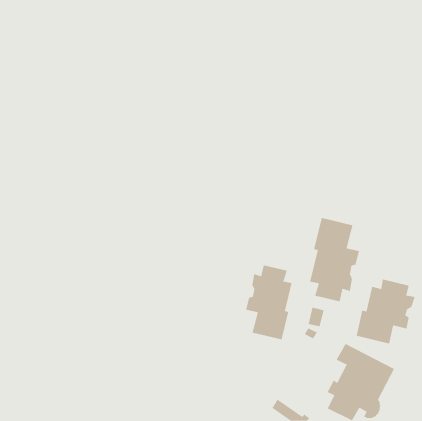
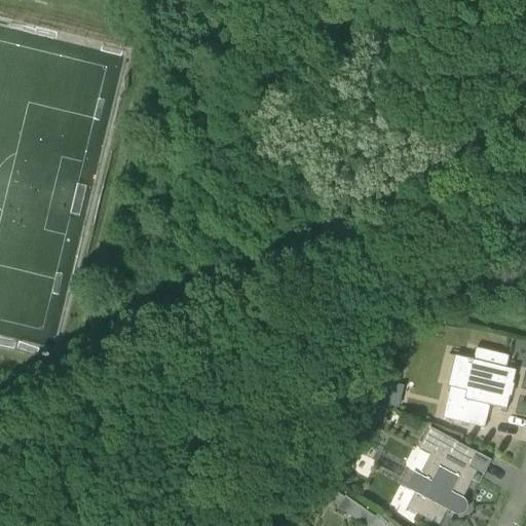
building: [310,217,360,302] -> none
building: [245,264,292,340] -> none

